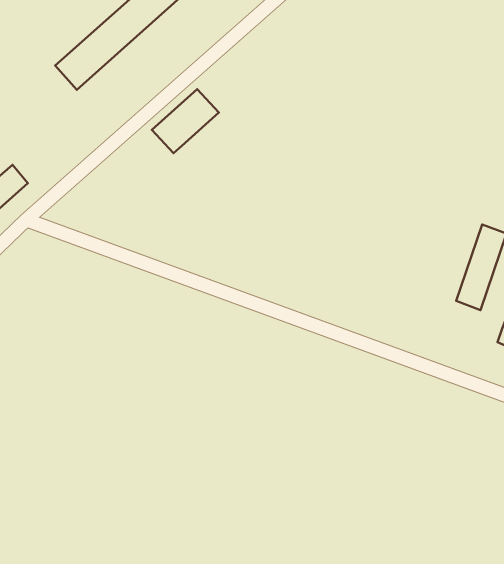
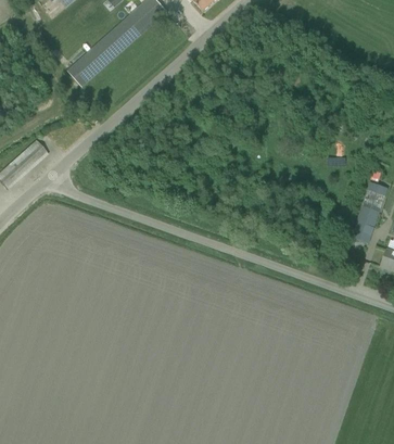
building: [152,89,219,153] -> none

